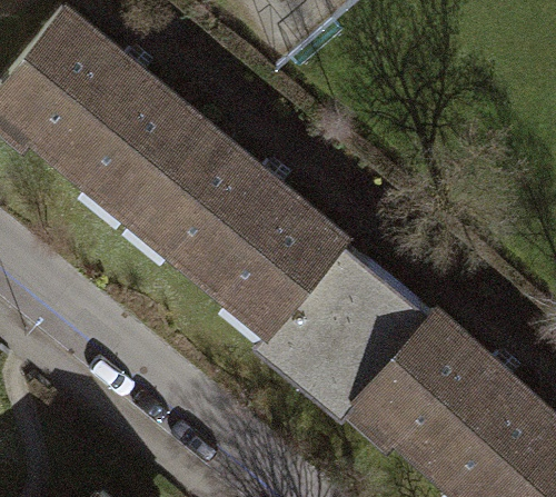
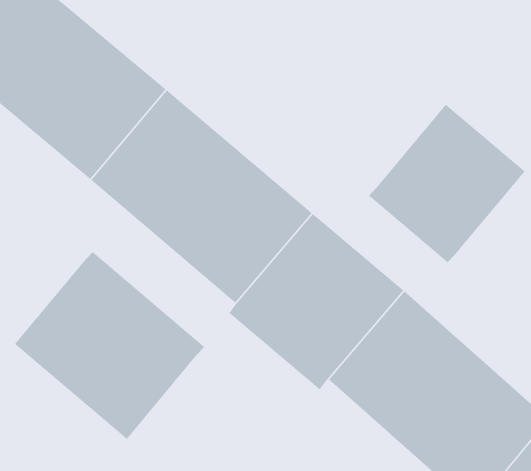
building: none -> [368,104,525,263]
building: none -> [14,251,205,440]

